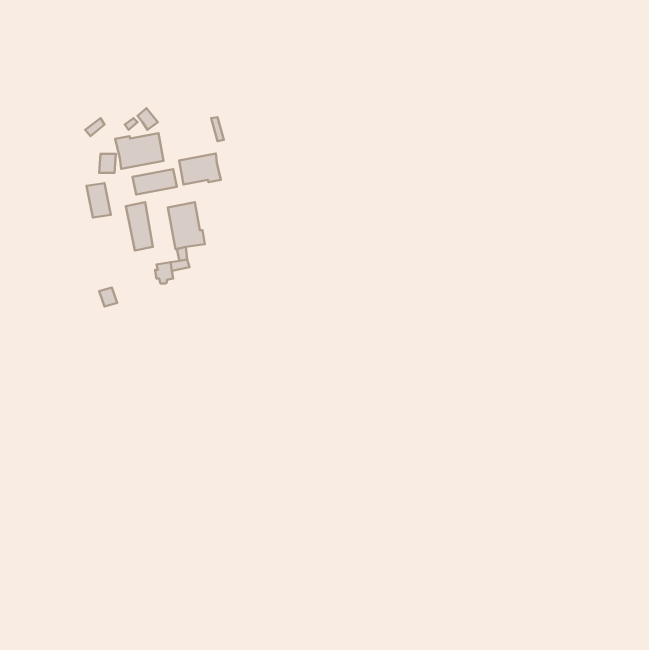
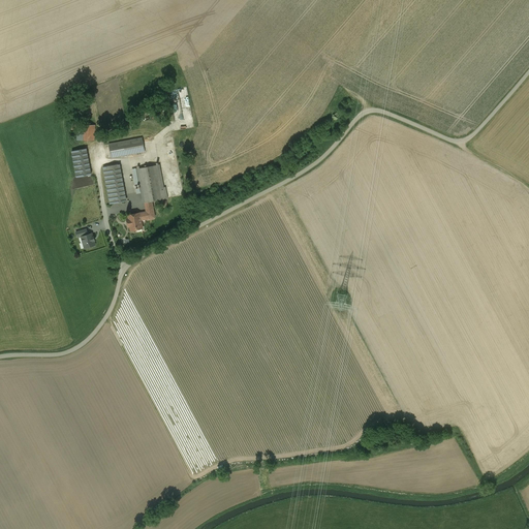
building: [115,133,164,169] -> none
building: [179,153,221,184] -> none

